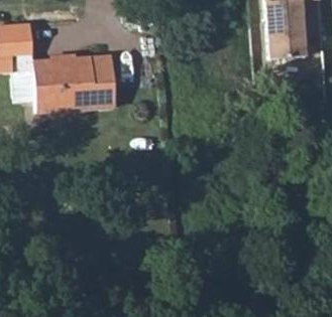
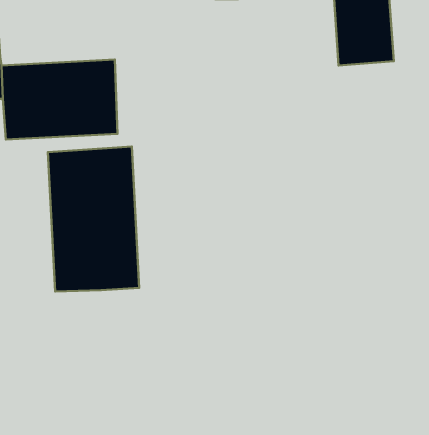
building: none -> [48,147,139,292]

